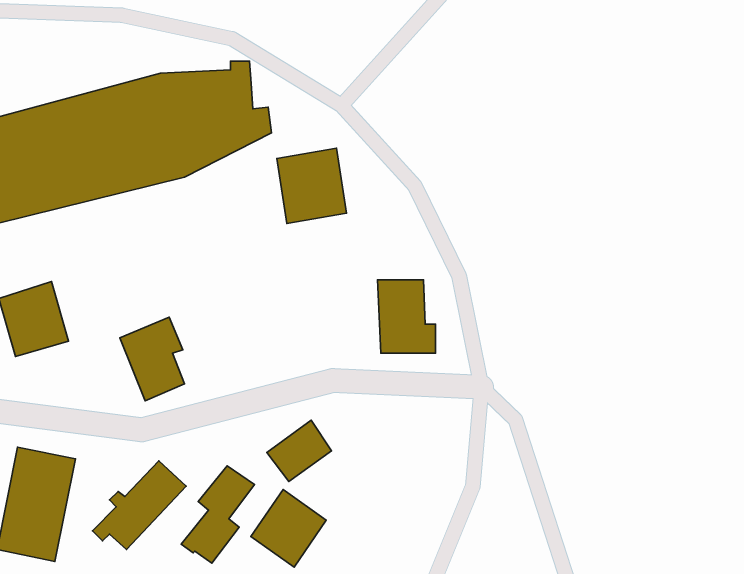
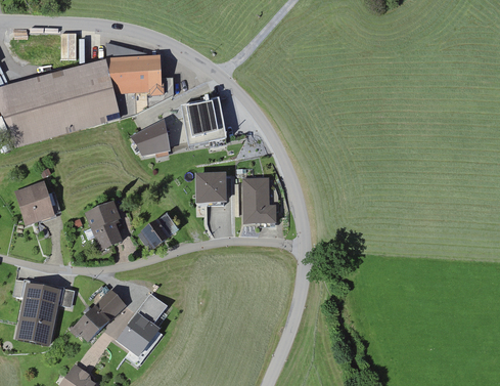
building: none -> [128,122,168,156]
building: none -> [192,174,223,202]
building: [267,420,332,481] -> [139,213,178,250]
building: [251,490,326,567] -> none

